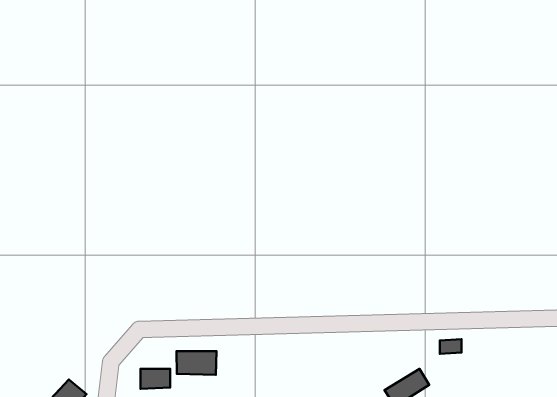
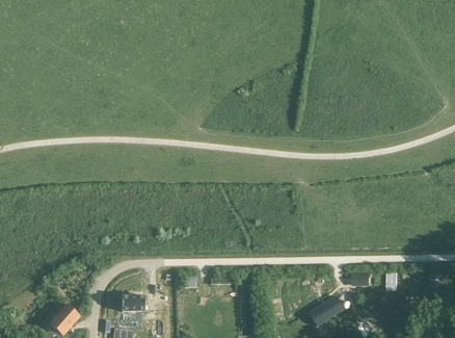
building: [177,351,217,375] -> none

